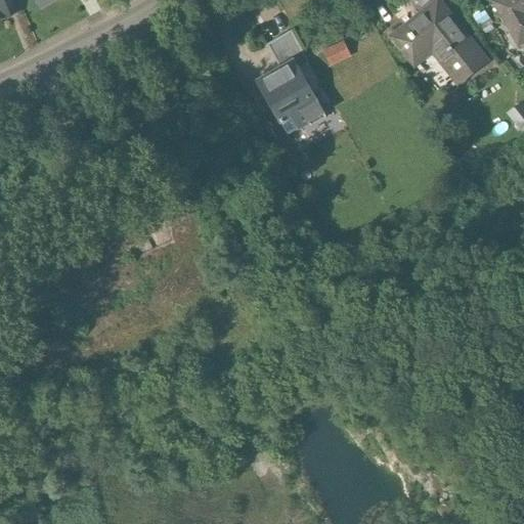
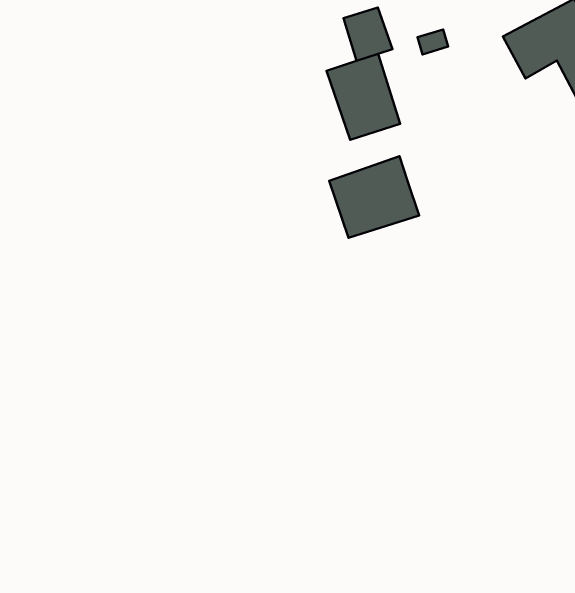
building: none -> [329,156,419,238]

